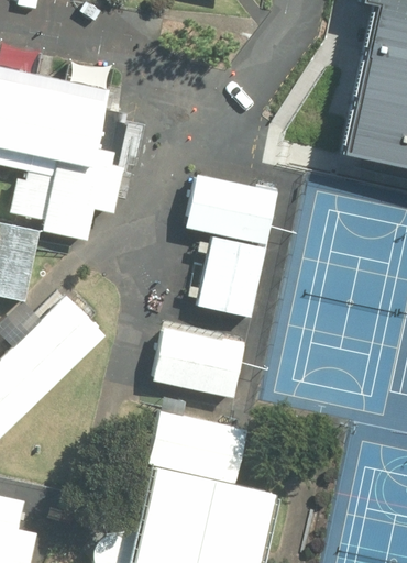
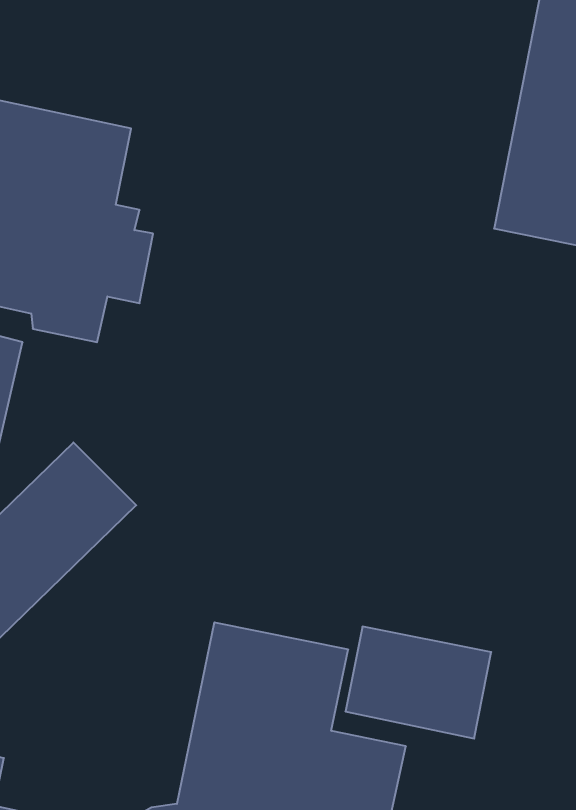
building: [183,169,286,240] -> none
building: [197,236,272,319] -> none
building: [154,329,249,401] -> [345,627,491,739]

